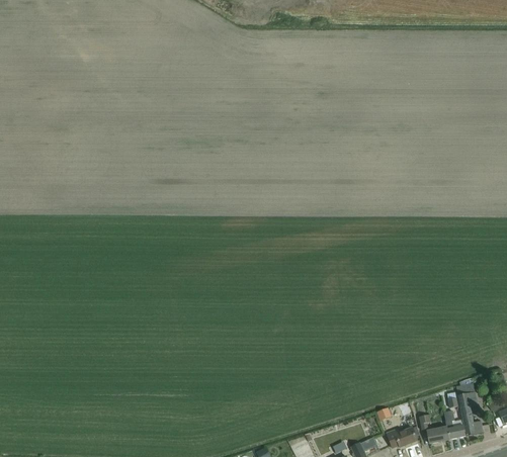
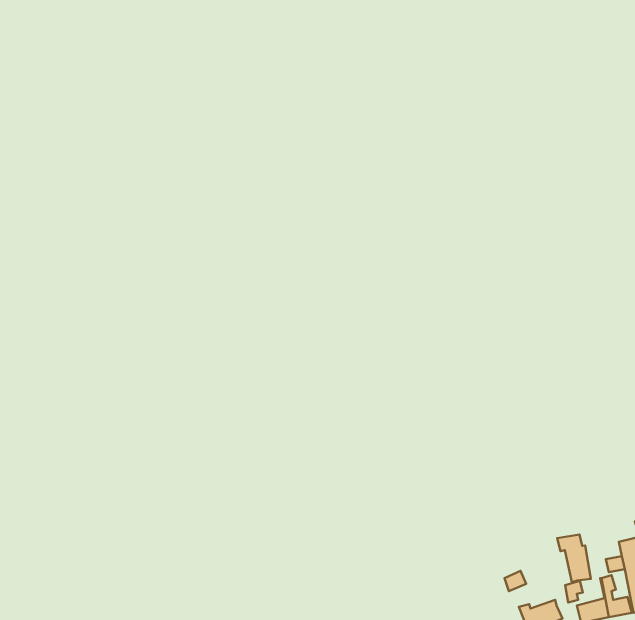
building: none -> [557,534,591,582]

